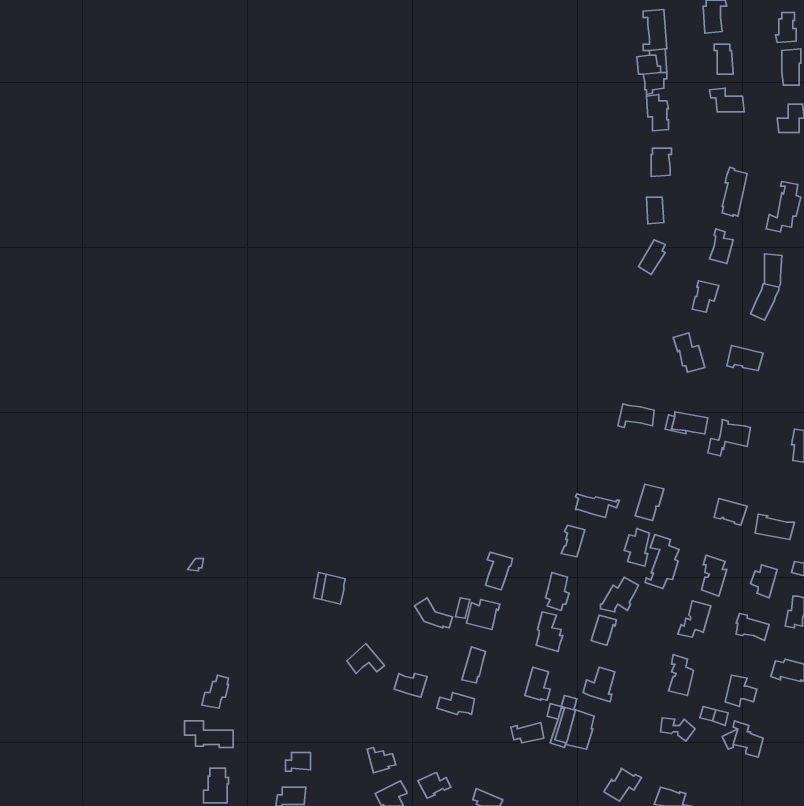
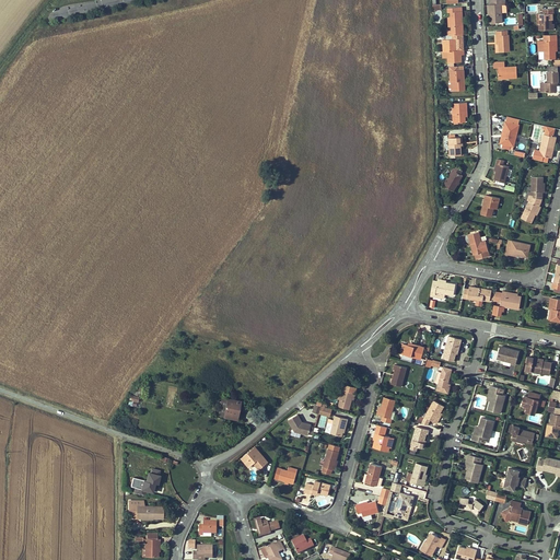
building: [645,534,679,588] -> none

